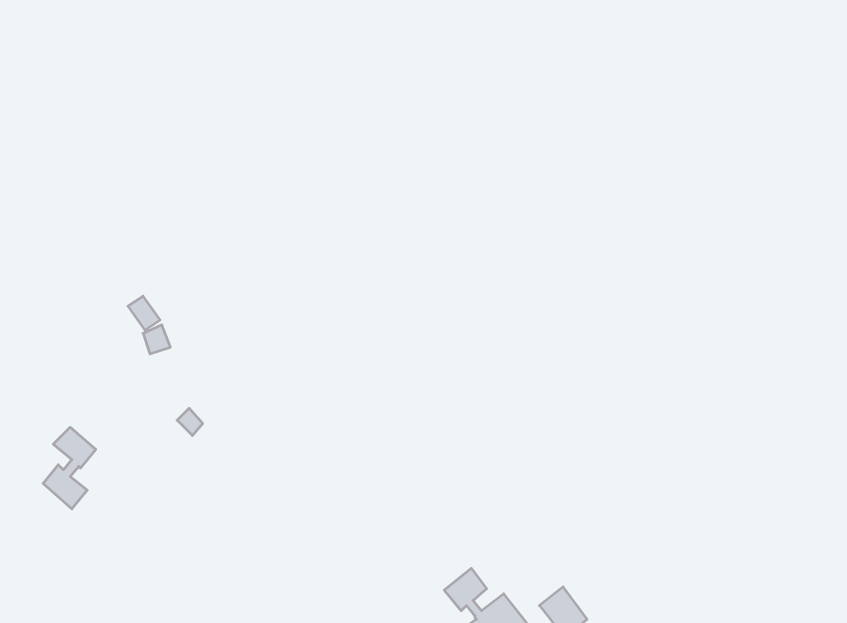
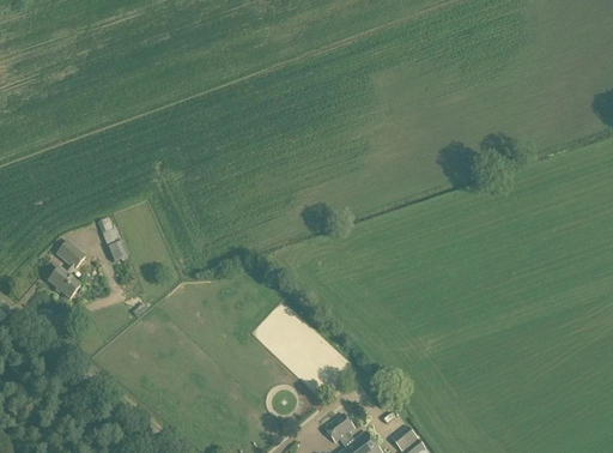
building: [43,427,96,509] -> [48,241,85,298]

